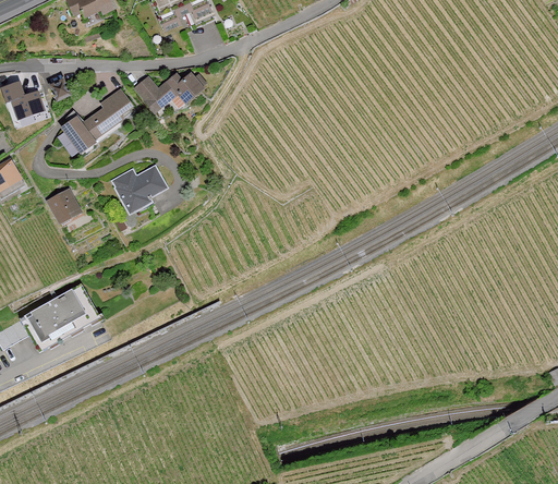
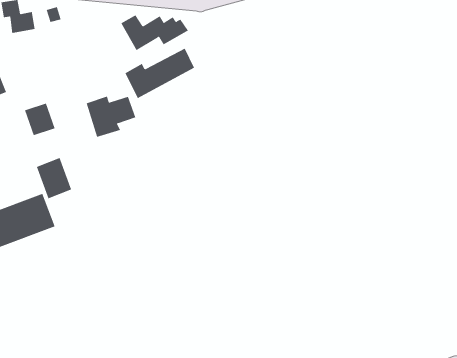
building: [59,89,134,153] -> [124,48,195,99]
building: none -> [36,157,72,199]

